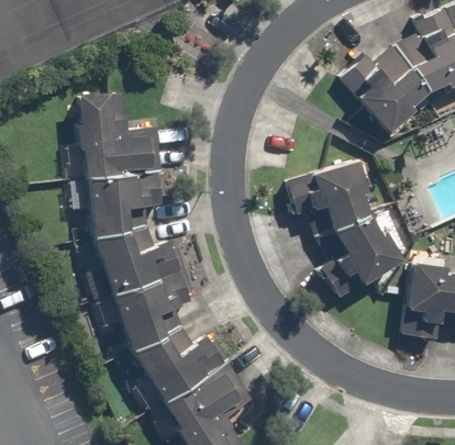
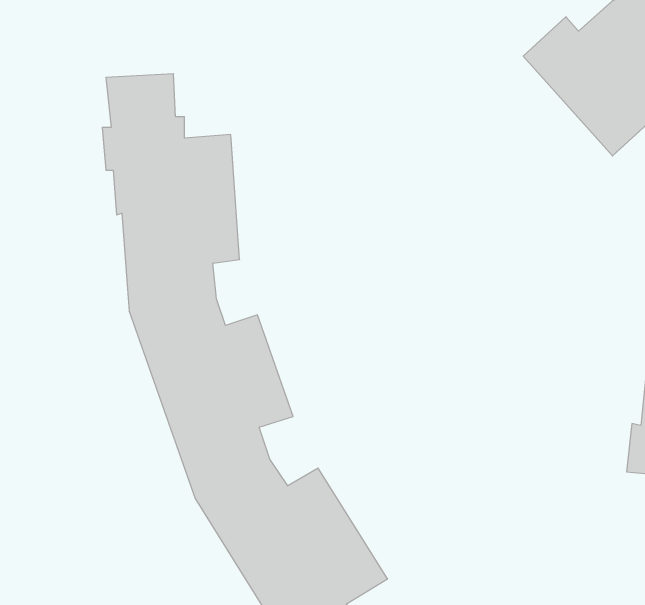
building: [279,158,403,299] -> none

